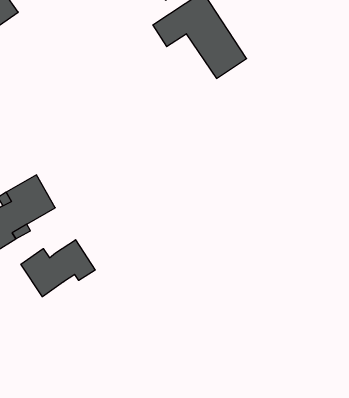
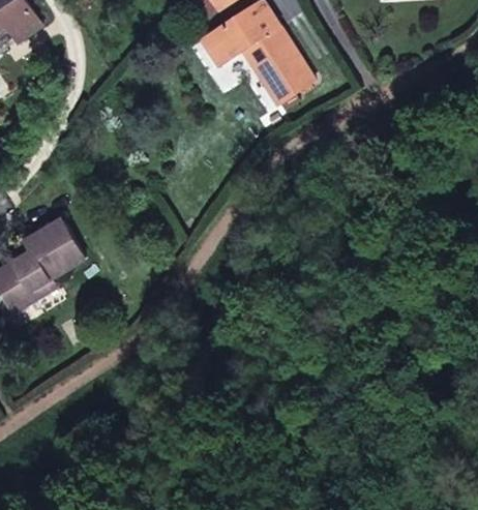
building: [21,240,95,297] -> none

